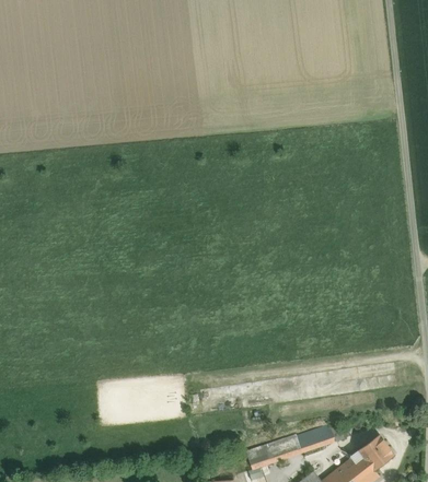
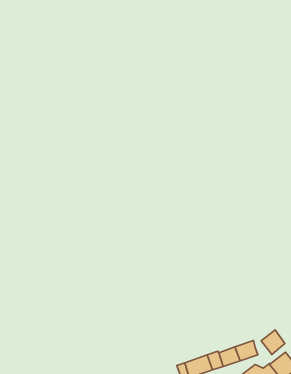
building: none -> [261,330,285,354]

